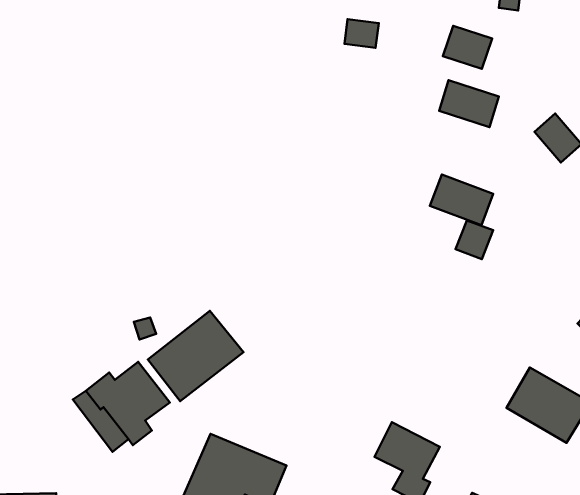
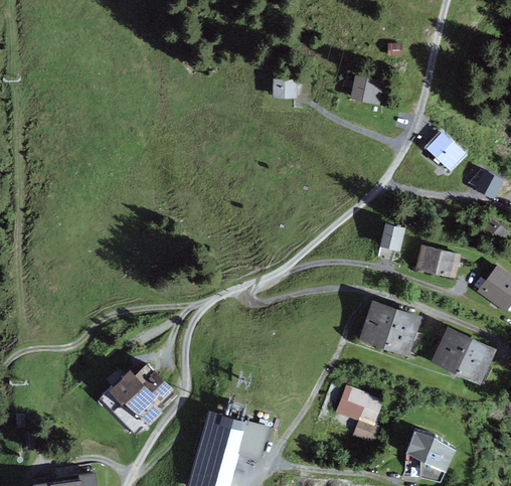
building: [439,80,499,127] -> none
building: [430,174,493,225] -> [413,245,461,280]
building: [148,311,244,401] -> none
building: none -> [358,301,421,356]

